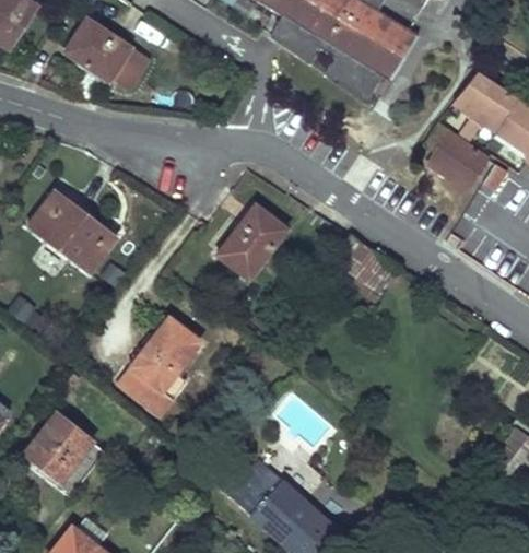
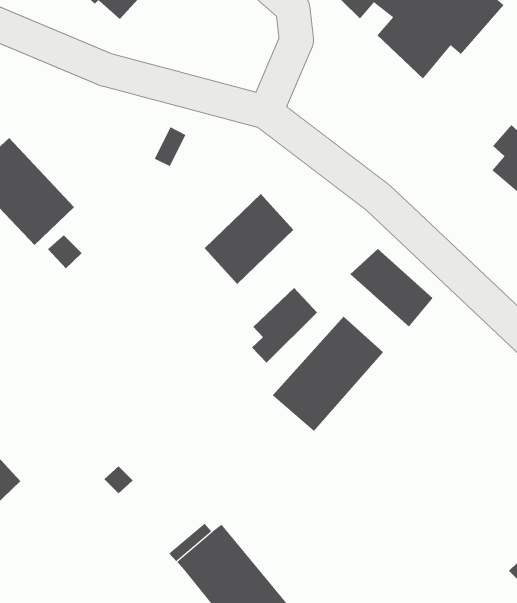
building: none -> [251,287,318,363]
building: none -> [272,316,384,432]
building: [119,316,199,413] -> none

